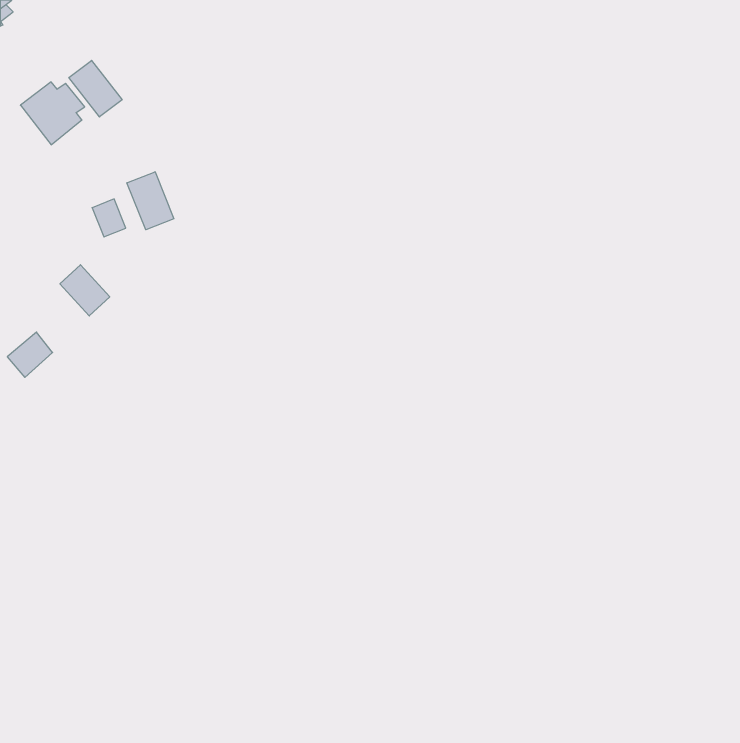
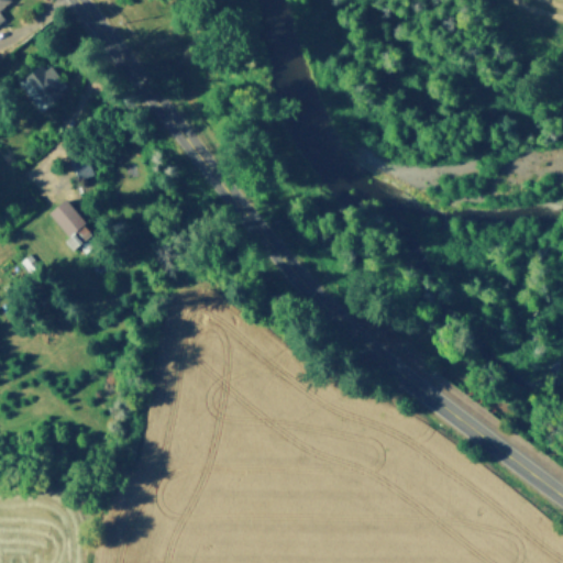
building: [69,60,122,117] -> none
building: [127,172,174,230] -> none

